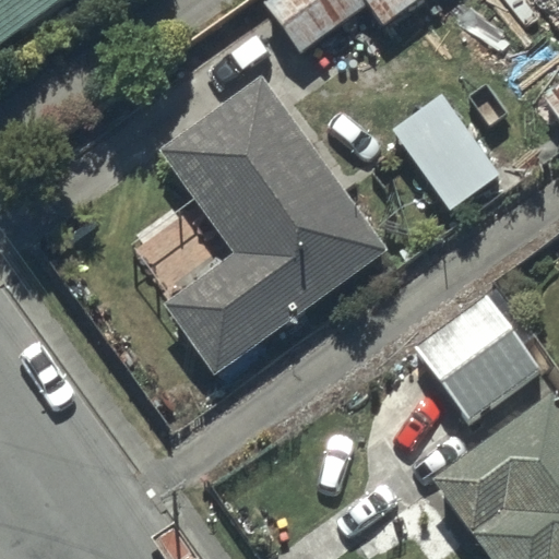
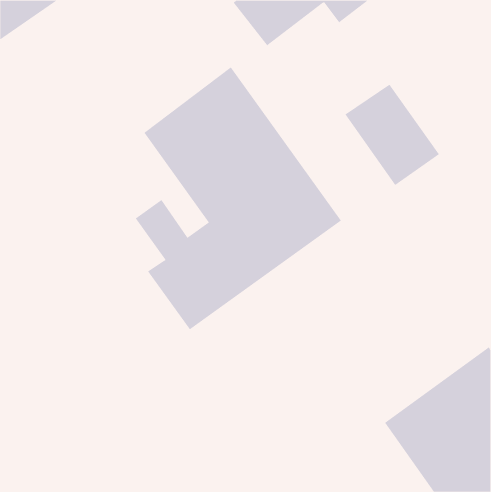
building: [417,296,547,423] -> none

